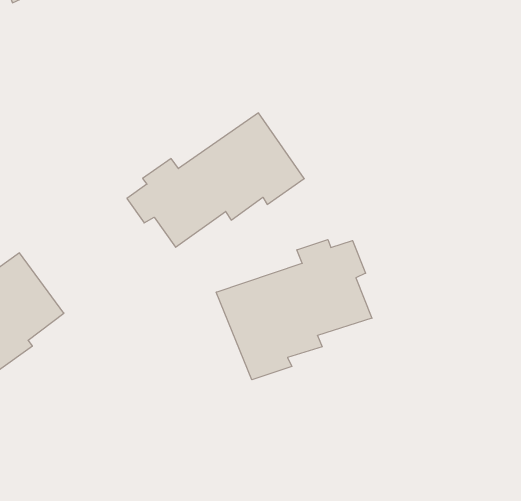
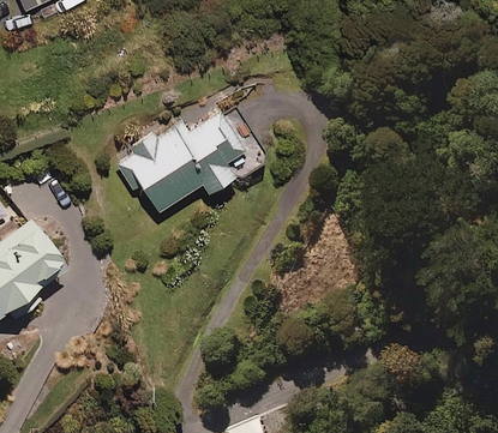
building: [216,240,372,380] -> none

